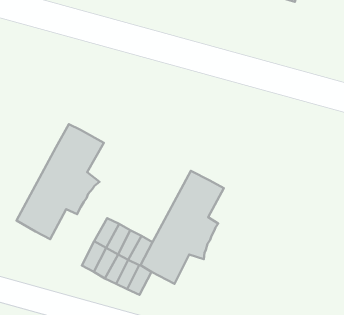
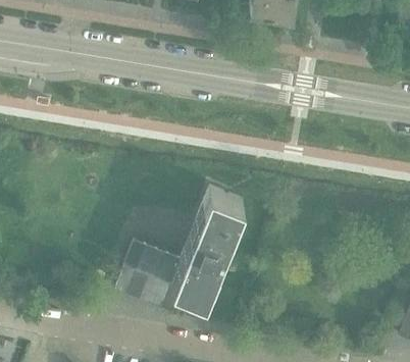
building: [16,124,104,239] -> none

